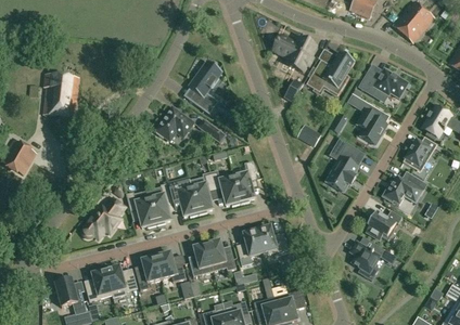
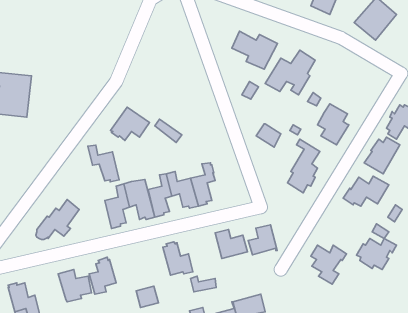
building: [188,60,222,115] -> none
building: [358,69,408,98] -> none
building: [126,192,156,228] -> [88,145,119,182]
building: [363,210,402,240] -> [356,238,397,270]
building: [235,230,264,259] -> [248,225,277,255]
building: [190,243,214,276] -> none
building: [154,250,187,281] -> none
building: [85,270,112,301] -> none

